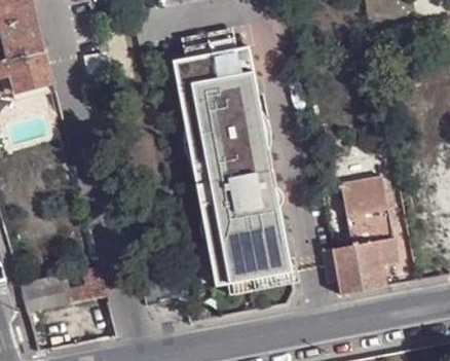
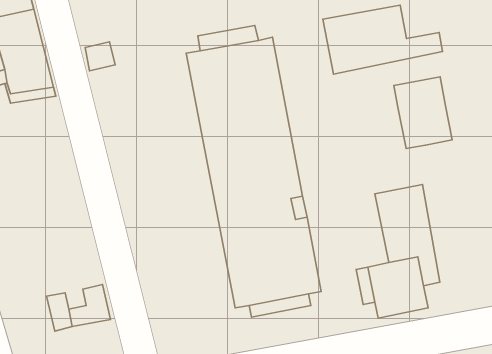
building: none -> [323,5,442,74]
building: none -> [394,77,452,148]
building: [20,275,55,311] -> none

